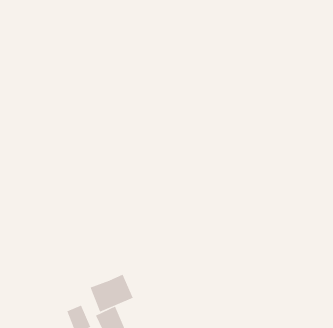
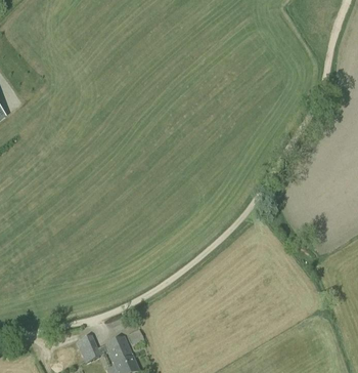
building: [90,274,134,312] -> none

